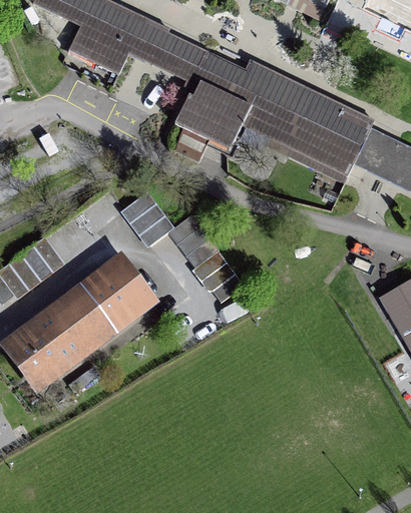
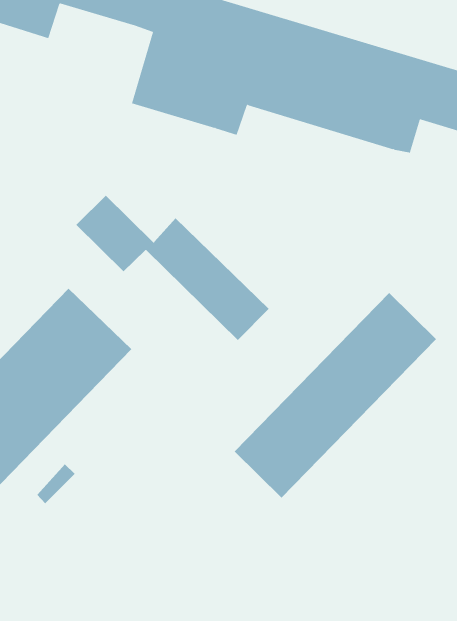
building: none -> [234,292,437,499]

